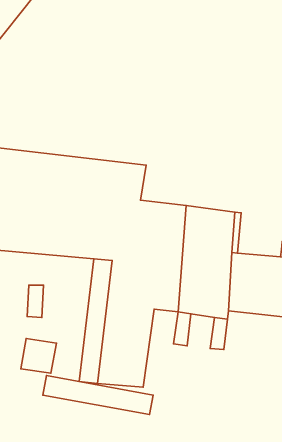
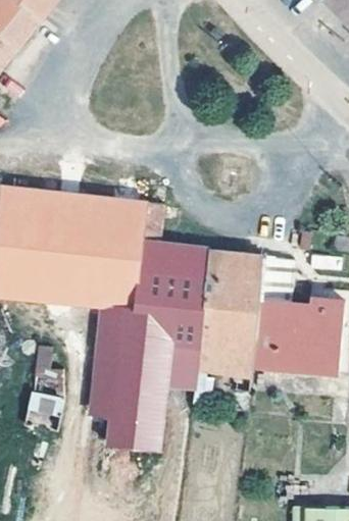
building: [43,376,153,415] -> none

